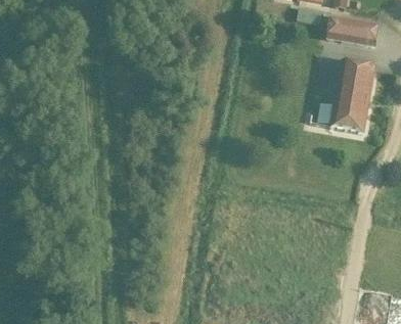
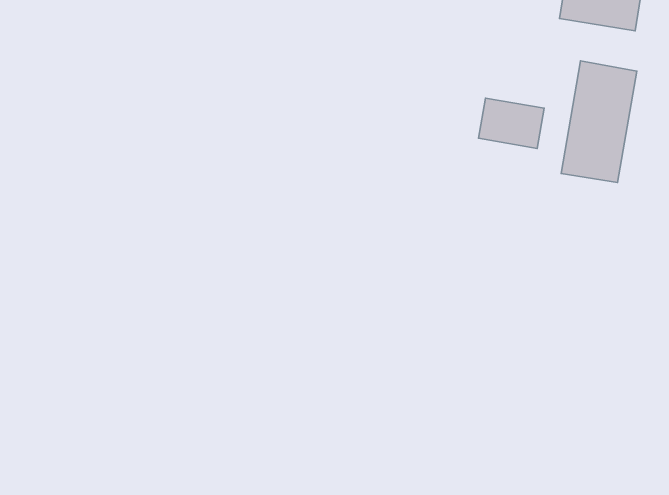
building: none -> [479,98,544,148]

